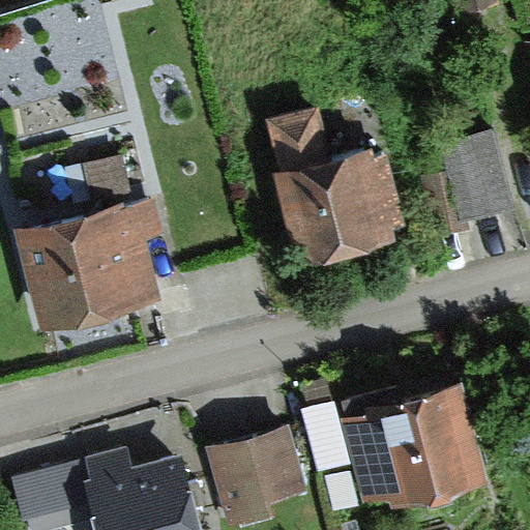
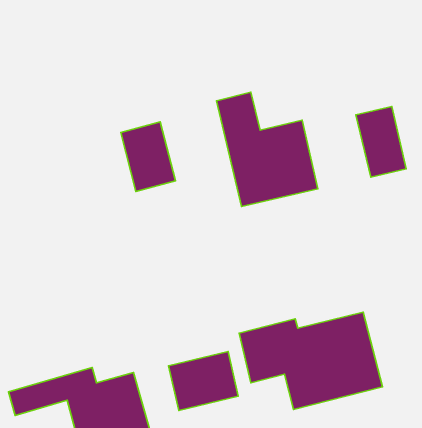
building: none -> [121,122,175,192]
building: [22,206,152,322] -> none

